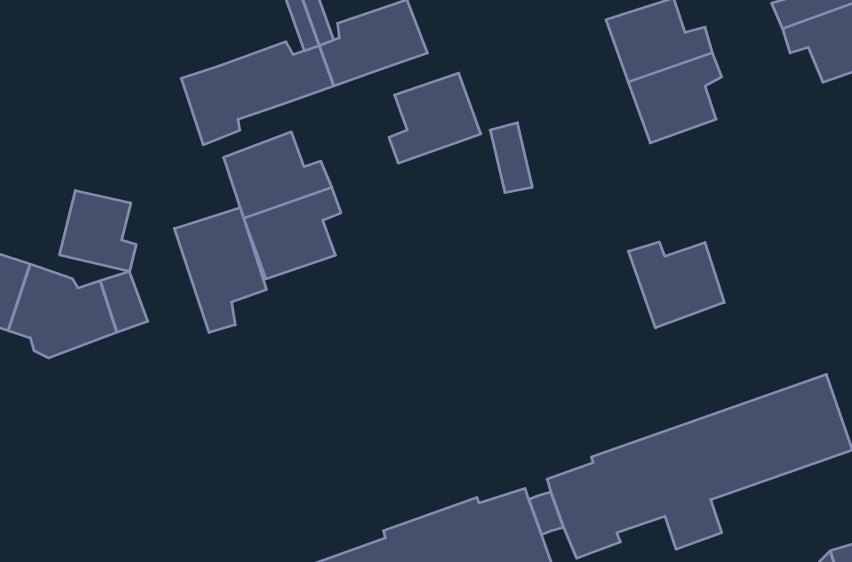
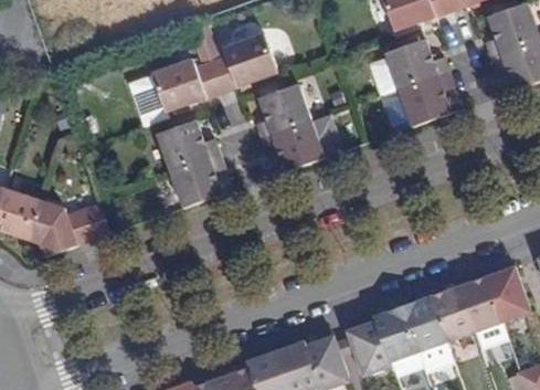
building: none -> [260,120,322,171]
building: [60,190,136,272] -> none
building: [174,208,266,333] -> none
building: [628,242,724,328] -> none

